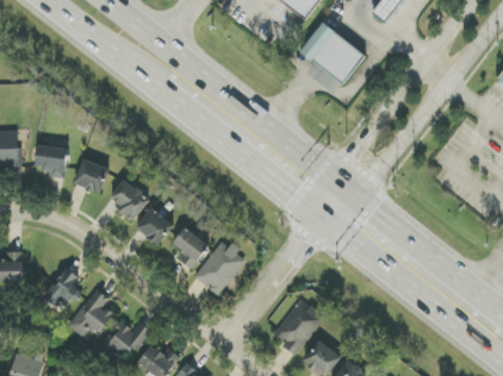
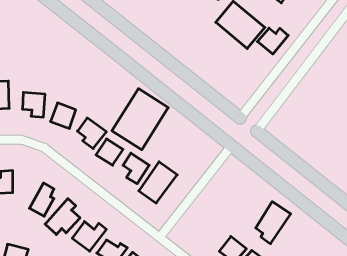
building: none -> [257,28,288,54]
building: none -> [112,89,168,150]
building: [274,297,322,355] -> [256,202,291,244]

